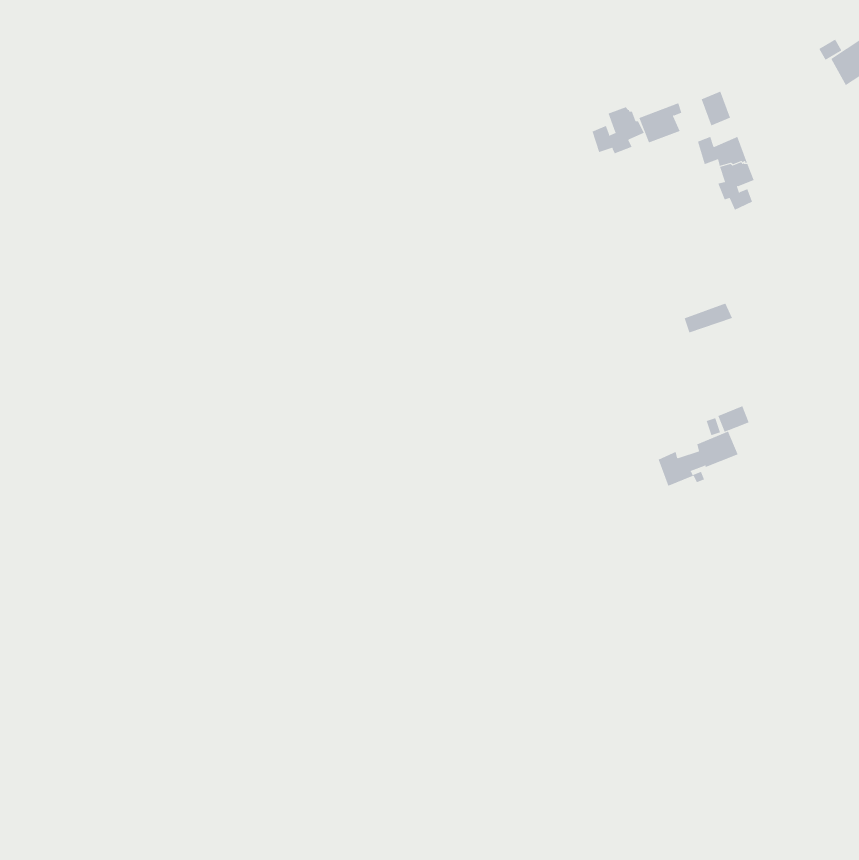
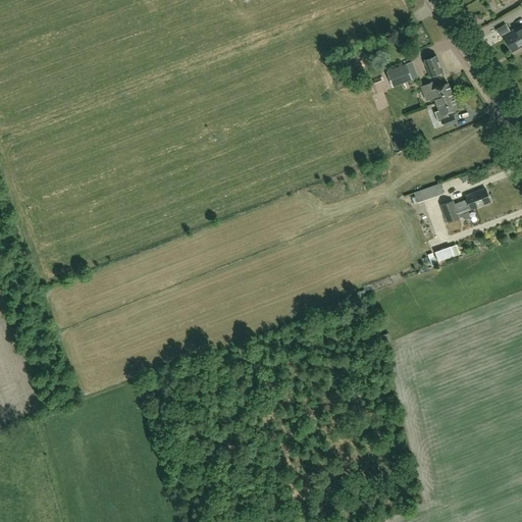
building: [592,106,645,154] -> none
building: [658,431,739,486] -> [442,188,491,221]

